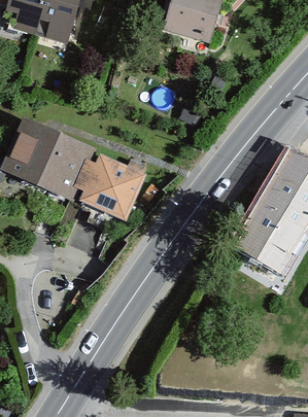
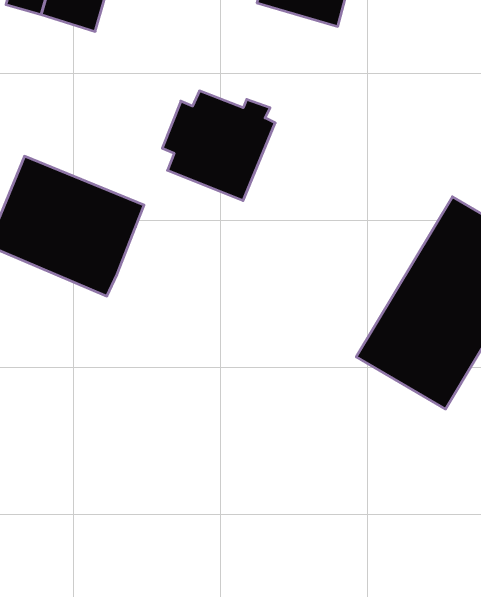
building: [80,157,149,223] -> [162,91,275,201]

